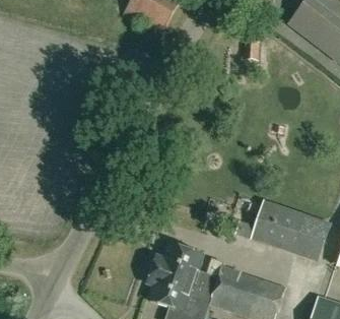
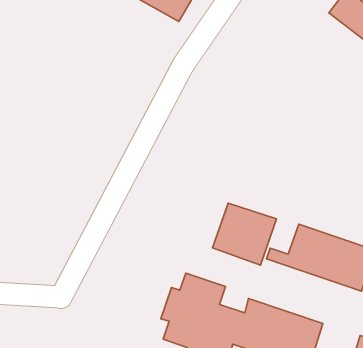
building: none -> [212,203,277,265]

